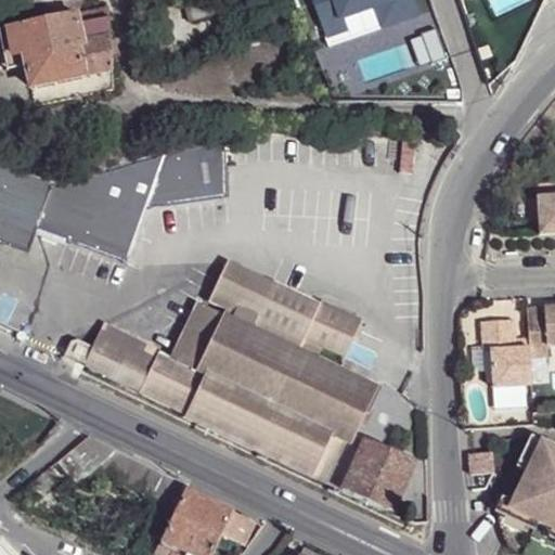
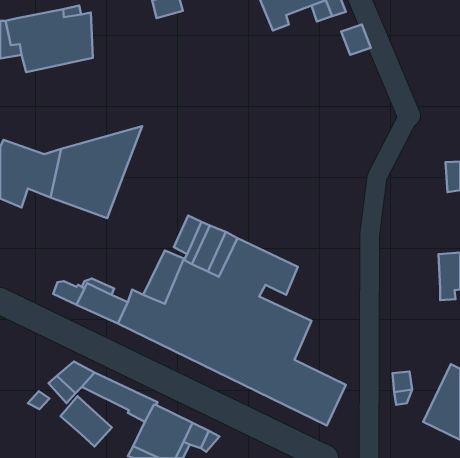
building: [149,145,228,211] -> none
building: [482,322,533,395] -> none
building: none -> [61,396,112,446]

